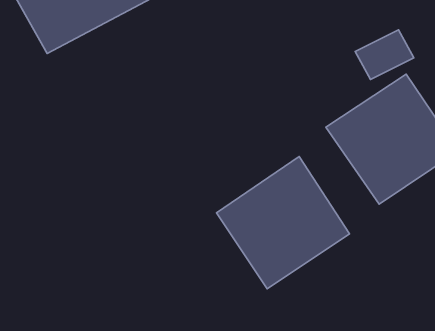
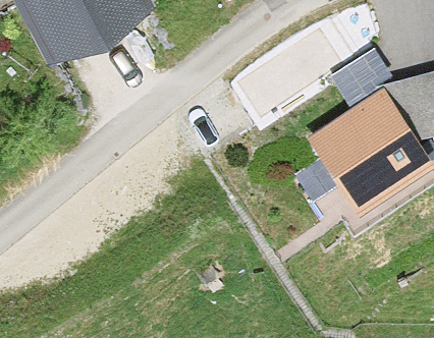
building: [217,157,350,289] -> none

